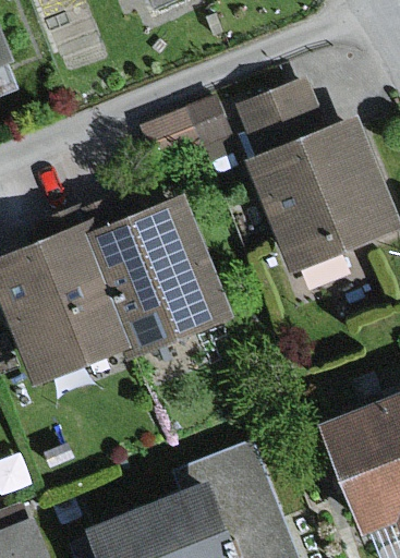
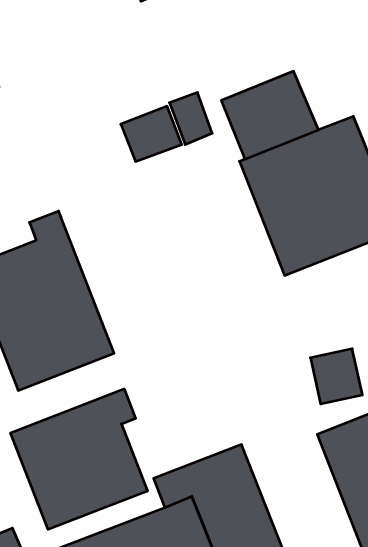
building: [75,198,232,360] -> none
building: none -> [11,389,147,529]

